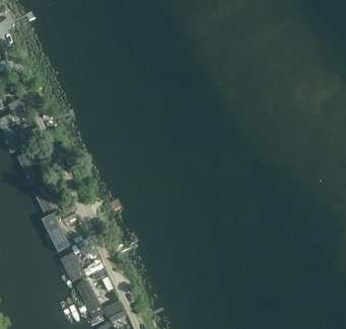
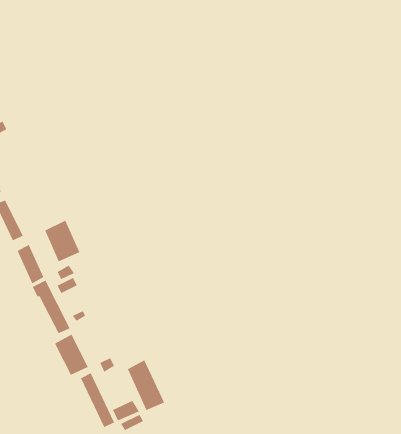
building: none -> [45,220,80,262]
building: none -> [127,360,165,411]

